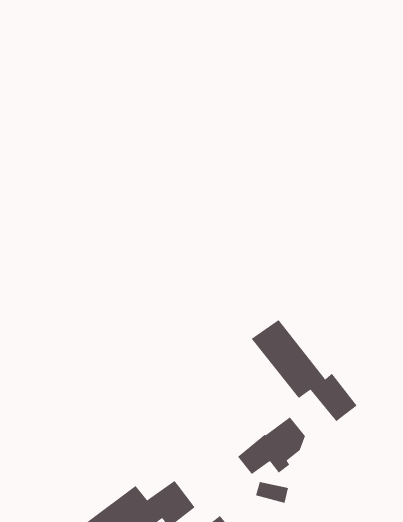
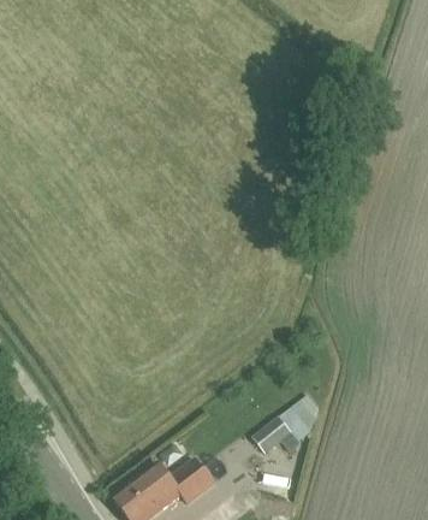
building: [251,319,358,422] -> none

